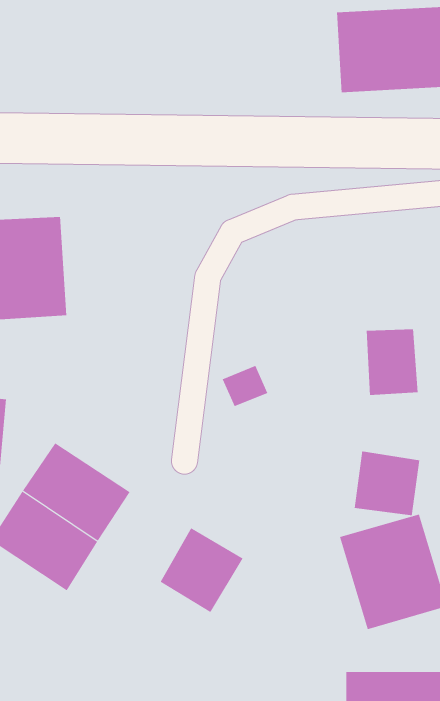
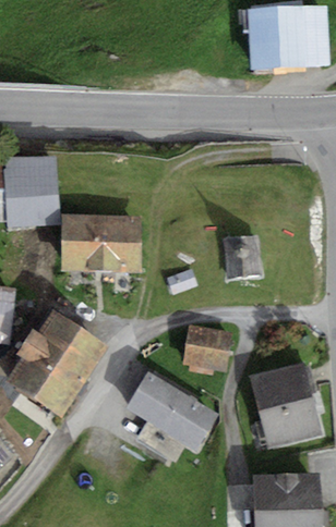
building: none -> [63,220,140,274]
building: [366,329,419,395] -> [225,229,262,275]
building: [354,451,420,516] -> [183,320,230,366]
building: none -> [159,395,218,454]

